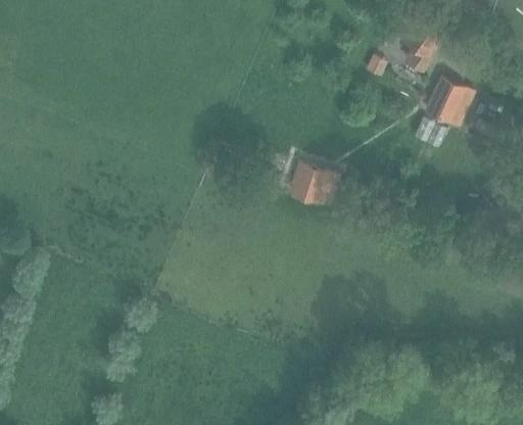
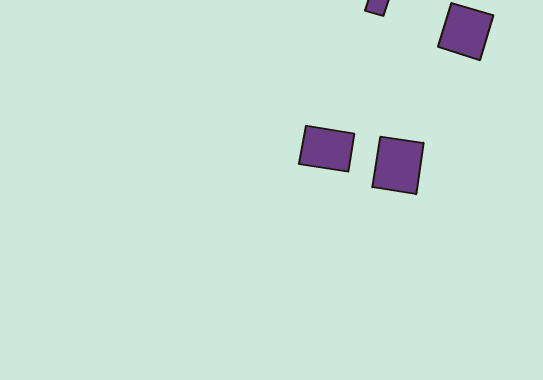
building: none -> [372,137,423,194]

